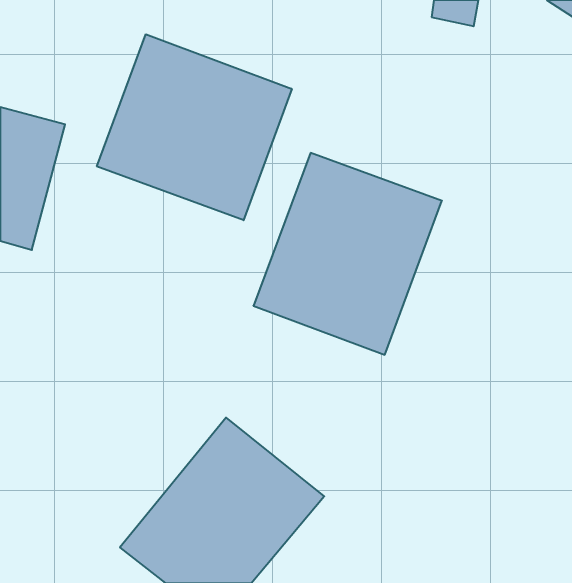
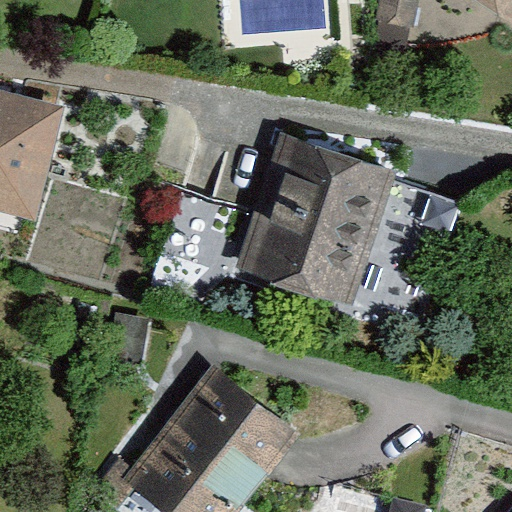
building: [97,34,292,220] -> none

